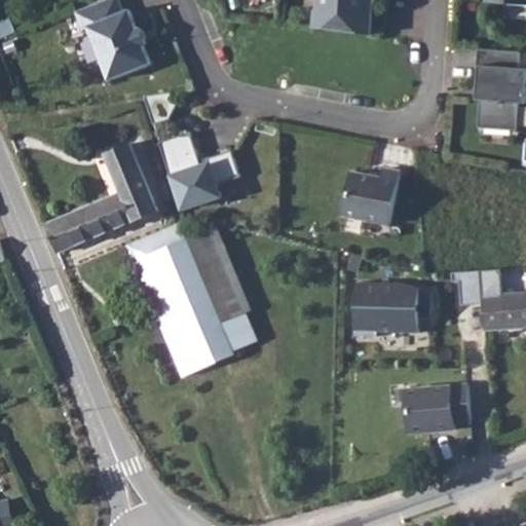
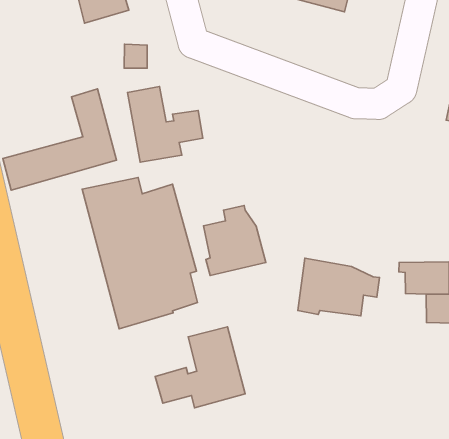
building: [341,168,399,224] -> none
building: none -> [204,206,266,275]
building: none -> [155,327,245,408]
building: [404,385,471,433] -> none

